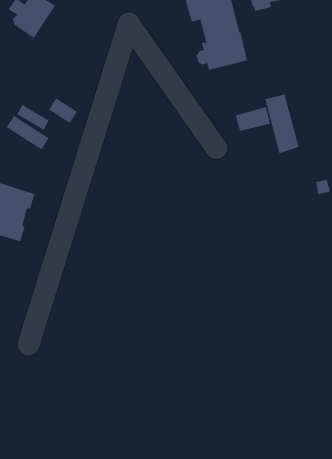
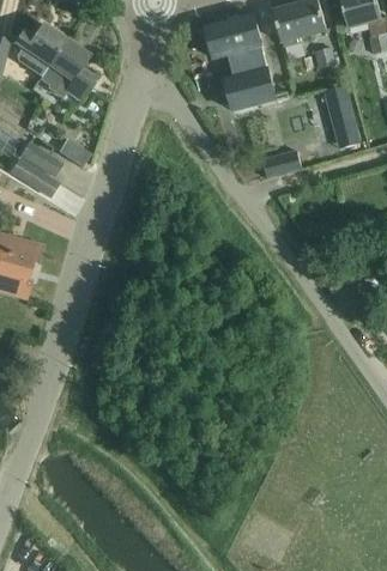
building: none -> [40,38,92,98]
building: [265,94,299,154] -> [325,83,363,148]

